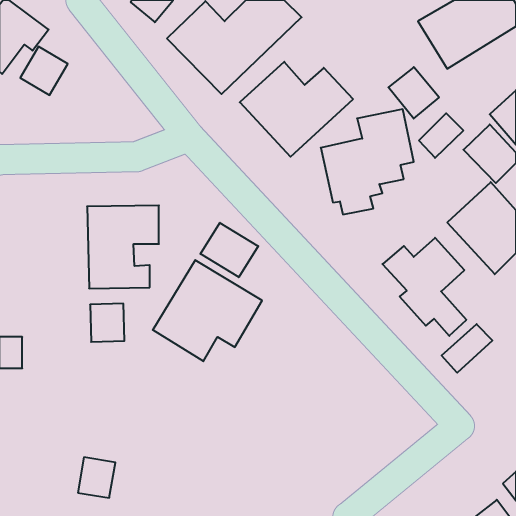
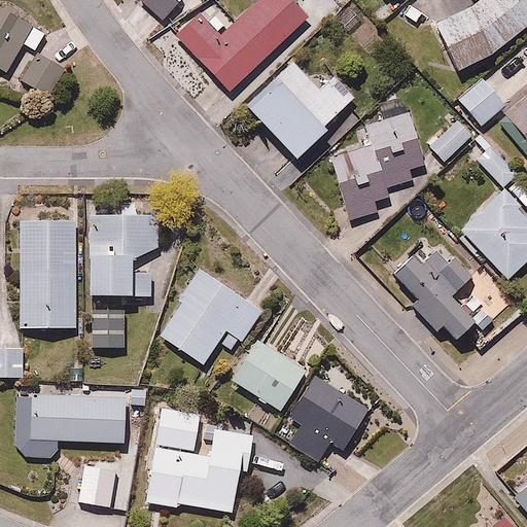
building: [388,67,439,119] -> [454,74,505,127]
building: none -> [22,219,77,330]
building: [200,223,258,277] -> none
building: [442,324,492,373] -> none
building: none -> [229,337,310,414]
building: none -> [287,374,370,465]
building: none -> [15,388,151,460]
building: none -> [145,405,255,508]

